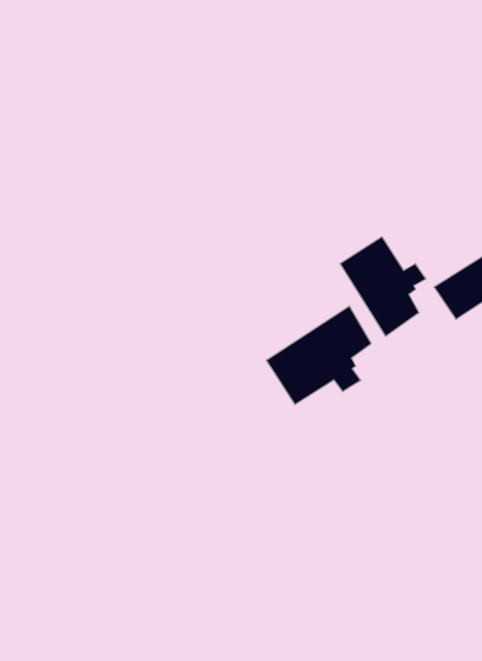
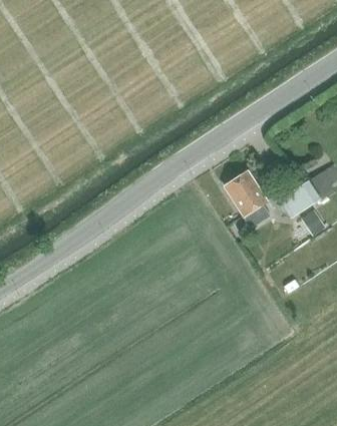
building: [266,306,371,405] -> none

